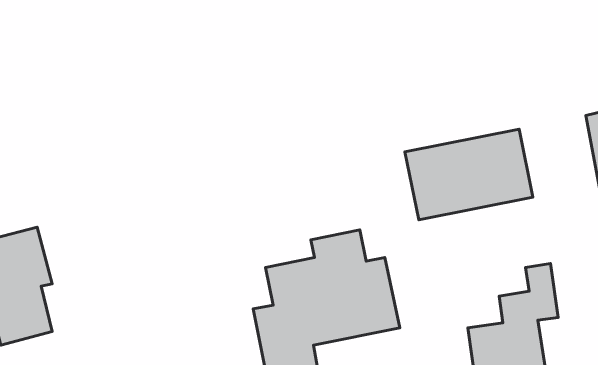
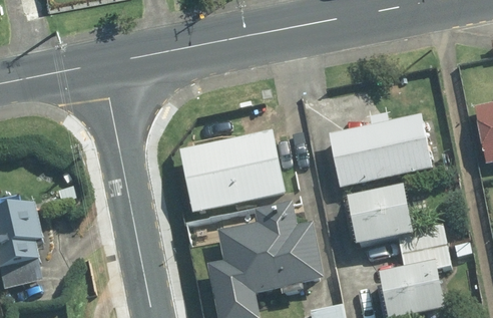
building: none -> [178,126,286,209]
building: none -> [344,189,411,248]

